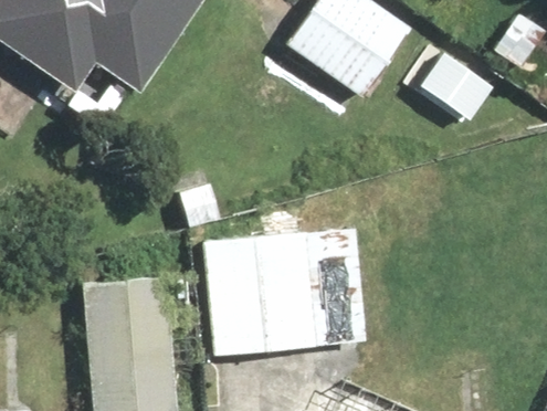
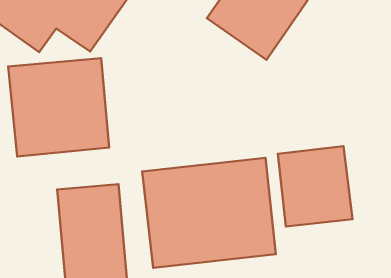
building: none -> [8,58,109,156]
building: none -> [278,146,352,227]

